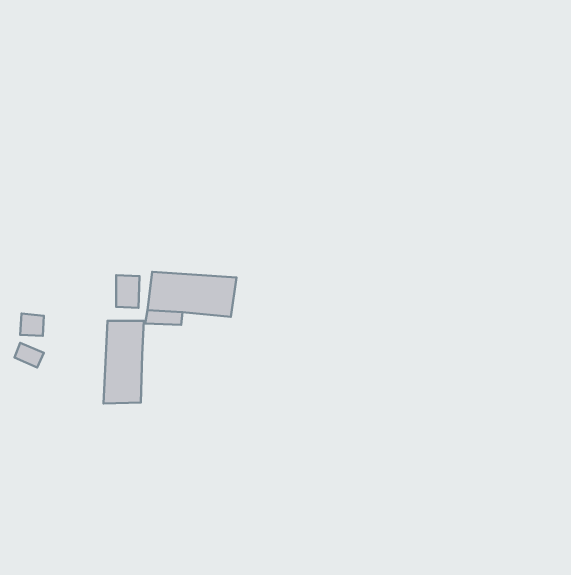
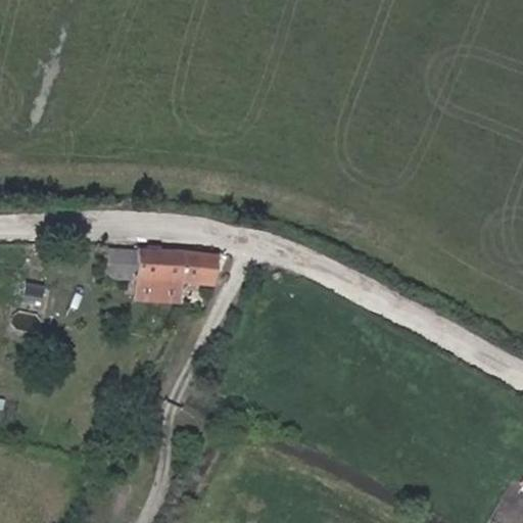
building: [103,321,144,403] -> none

